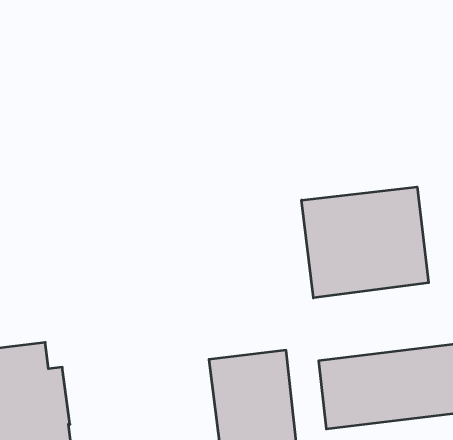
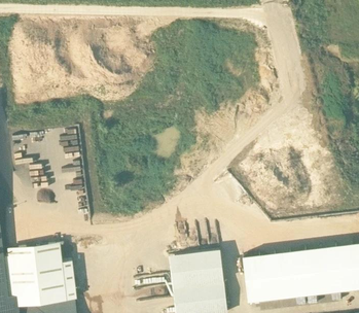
building: [302,187,429,298] -> none

